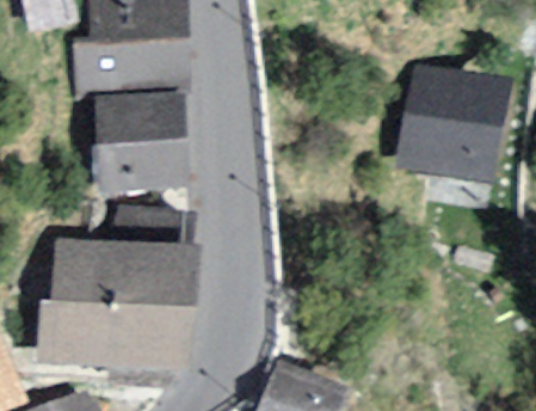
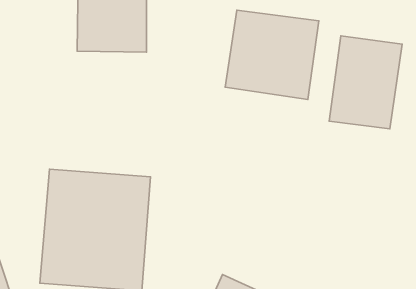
building: none -> [225,10,319,99]
building: [86,92,185,182] -> none

